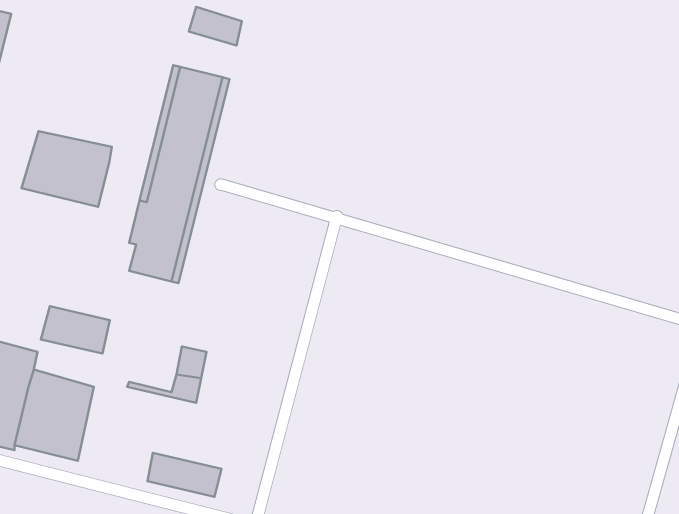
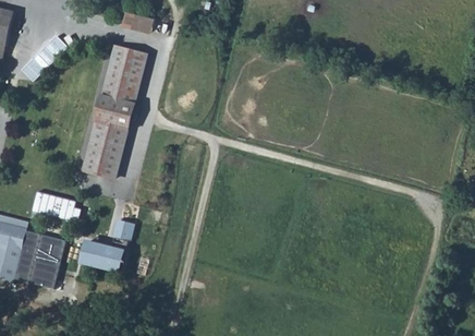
building: [22,131,112,207] -> none
building: [148,453,222,497] -> [81,243,126,271]

